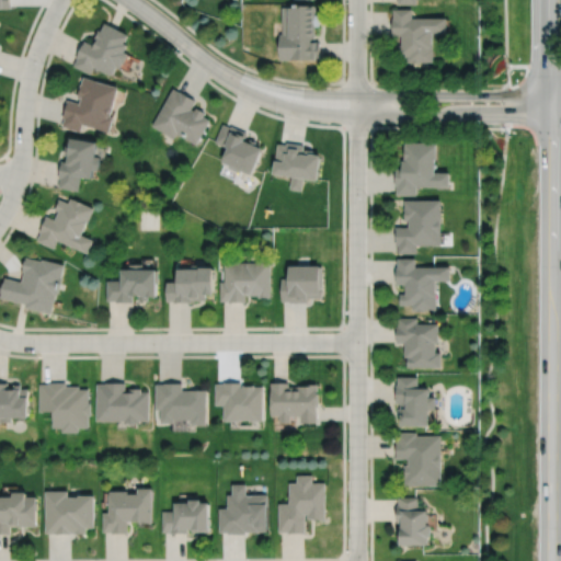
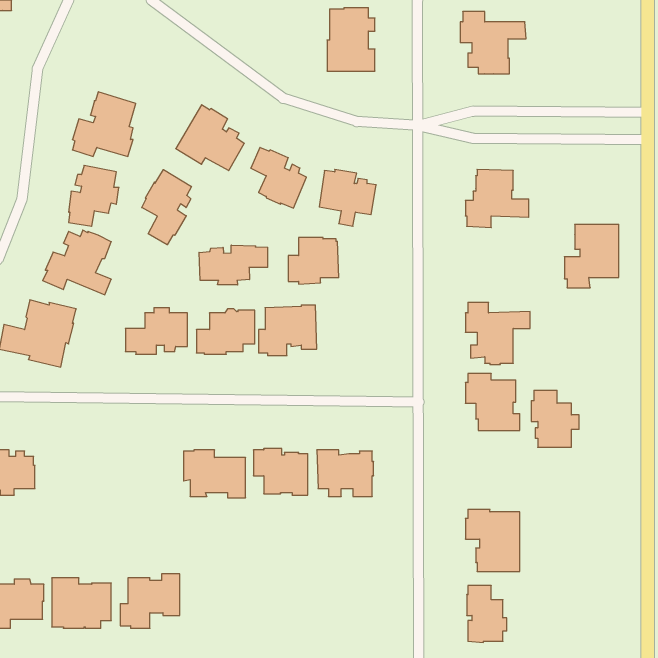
building: [72,26,125,77] -> none
building: none -> [142,170,191,245]
building: [394,199,440,253] -> [564,224,619,288]
building: none -> [199,245,268,285]
building: [278,264,321,304] -> [288,238,339,284]
building: [394,377,435,425] -> [531,390,579,447]
building: [38,383,91,433] -> none
building: [96,383,151,425] -> none
building: [276,477,323,535] -> none
building: [219,485,265,535] -> none
building: [161,500,210,535] -> none

